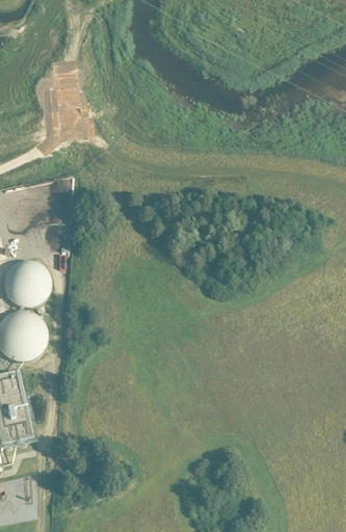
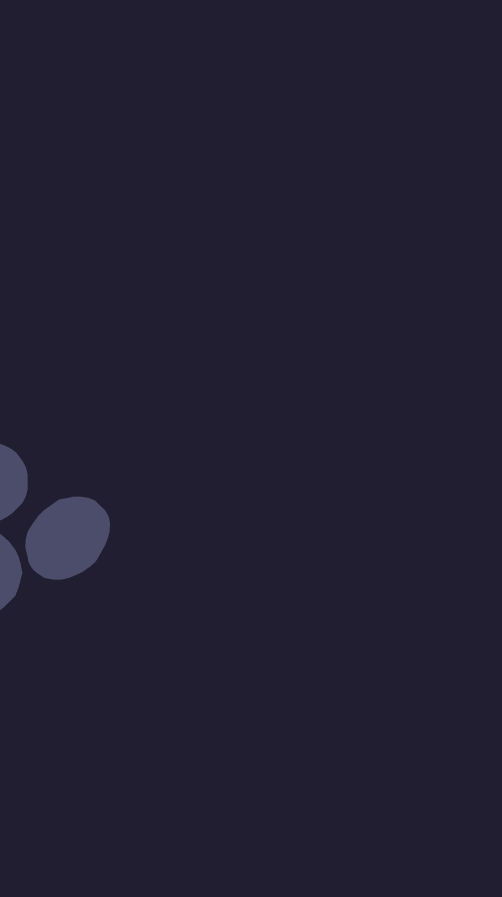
building: none -> [25,496,111,580]

